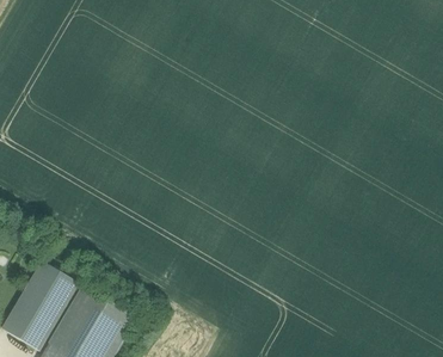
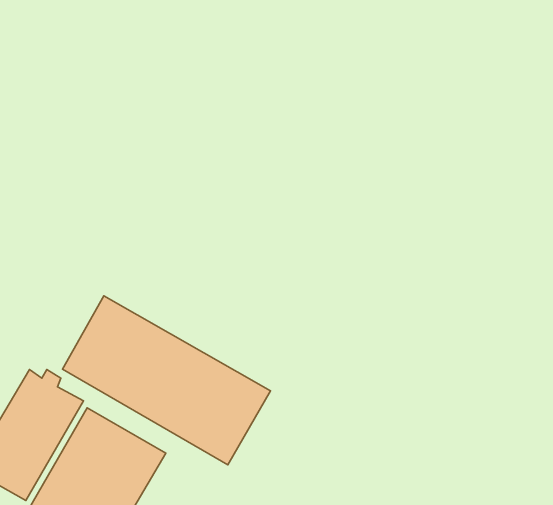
building: none -> [63,296,271,465]

